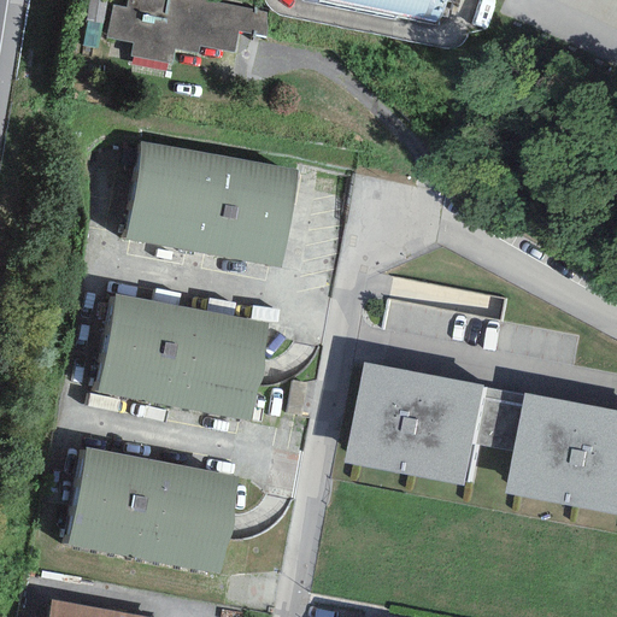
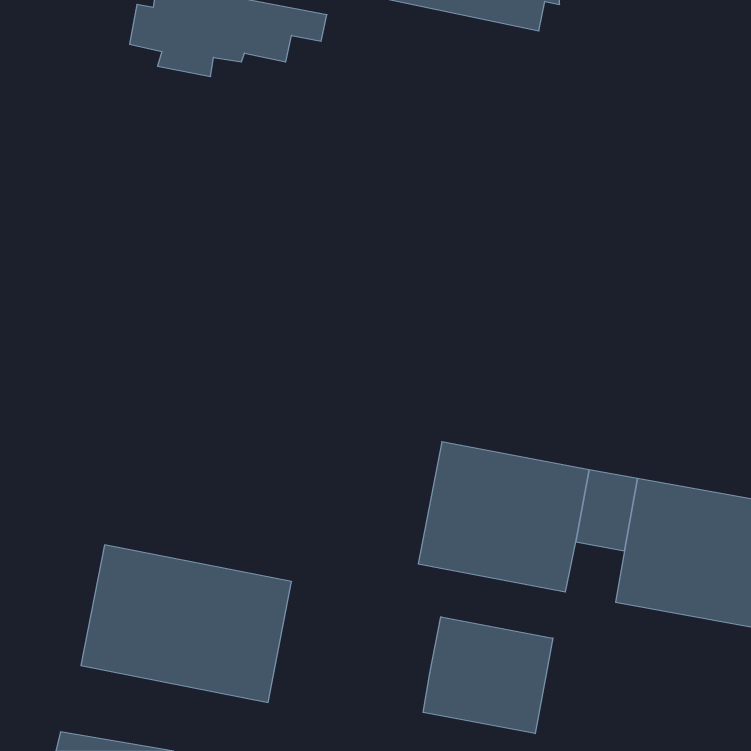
building: [124,140,300,266] -> none
building: [96,293,269,421] -> none
building: none -> [423,617,553,734]

